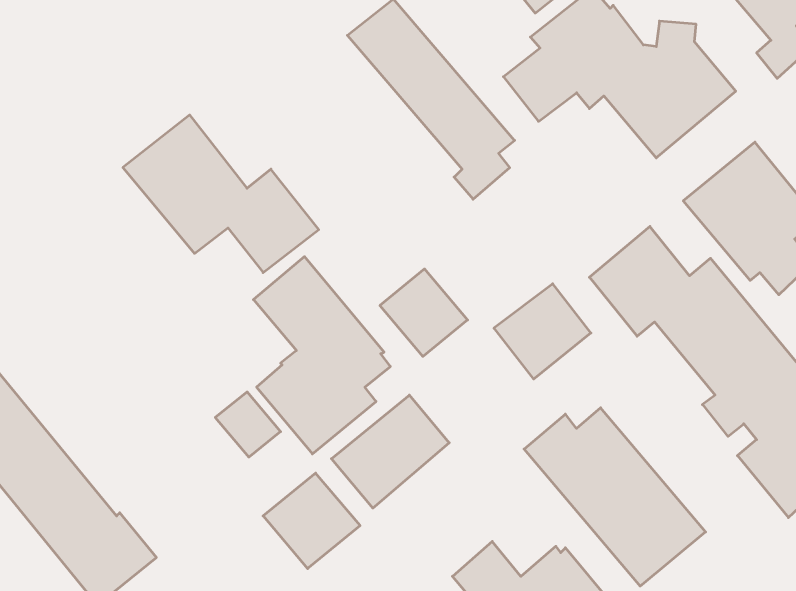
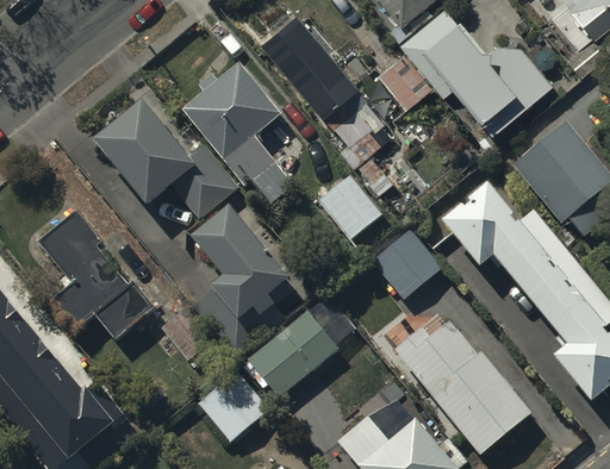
building: none -> [182,63,293,202]
building: none -> [38,210,155,338]
building: [380,269,468,356] -> [317,173,382,238]

